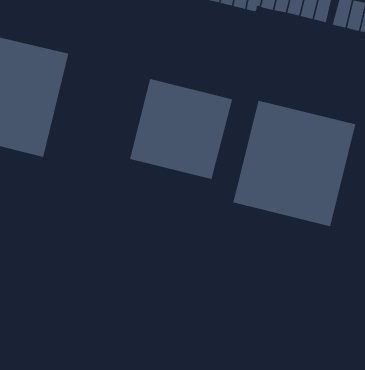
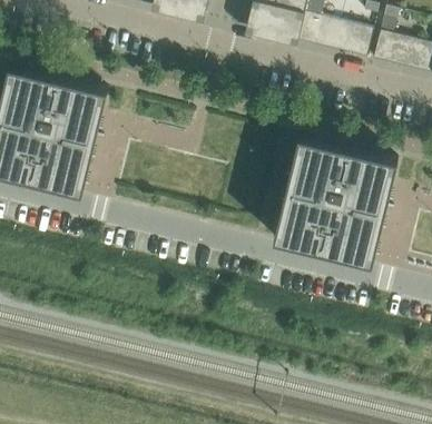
building: [130,78,233,180] -> none

